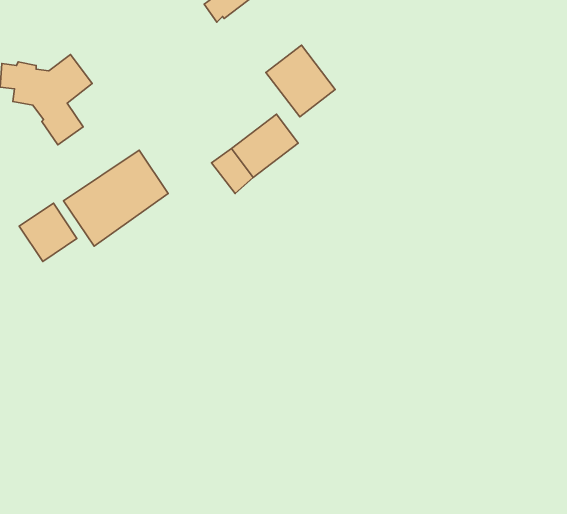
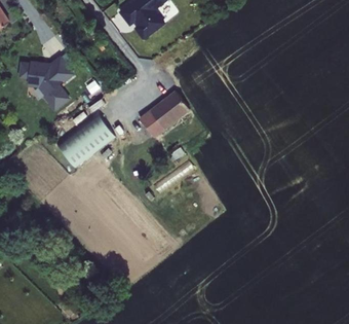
building: [266,45,335,117] -> none
building: [19,203,77,262] -> none

